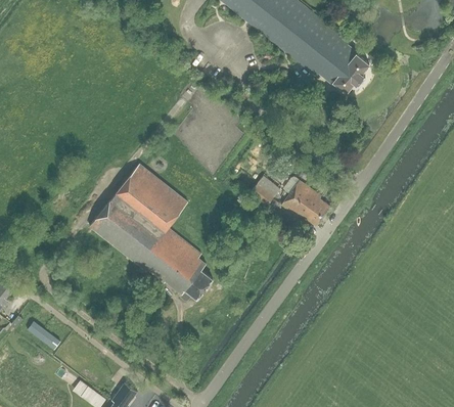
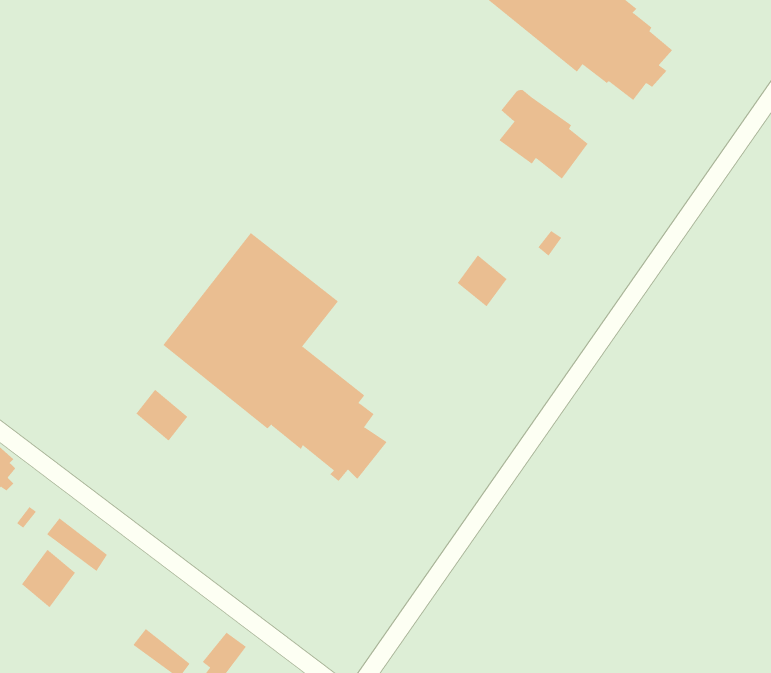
building: [280,177,329,226] -> [499,90,589,180]
building: none -> [136,389,188,442]
building: none -> [21,549,76,608]

